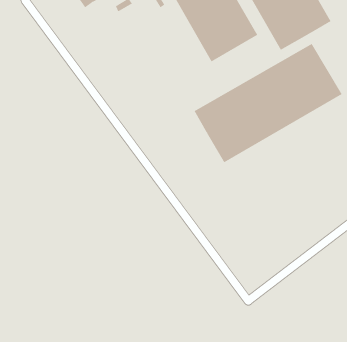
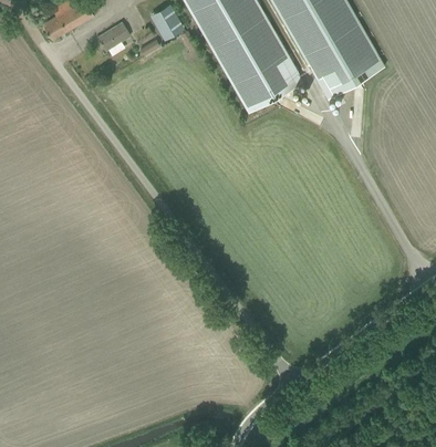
building: [194,43,342,163] -> none

